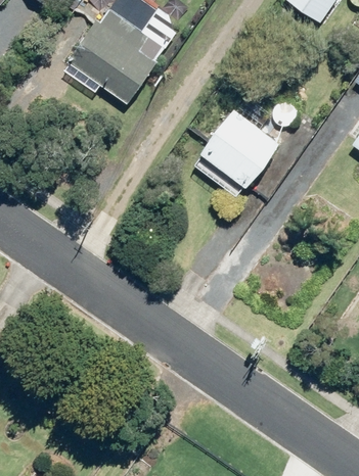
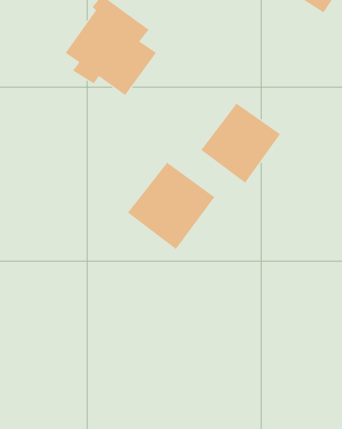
building: none -> [127,162,215,250]

